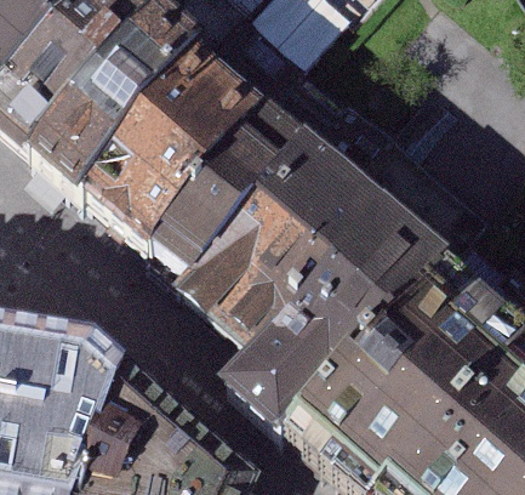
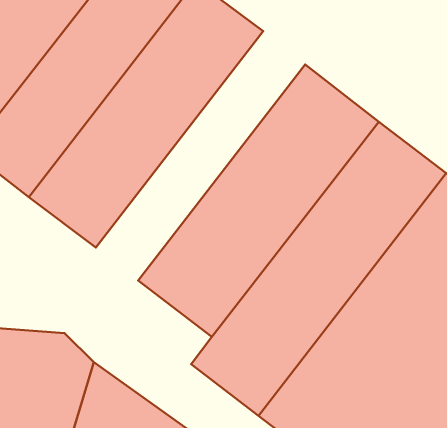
building: [139,68,355,302] -> none

